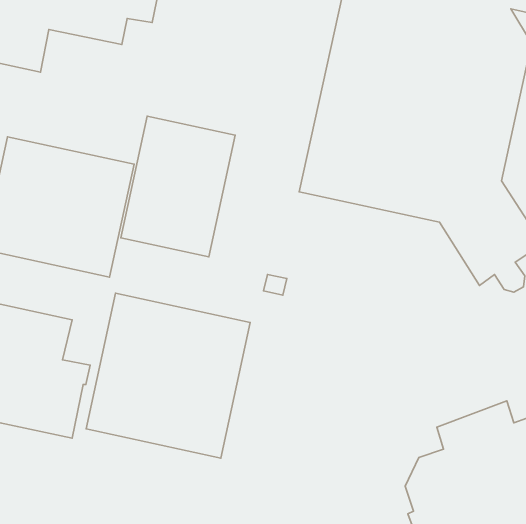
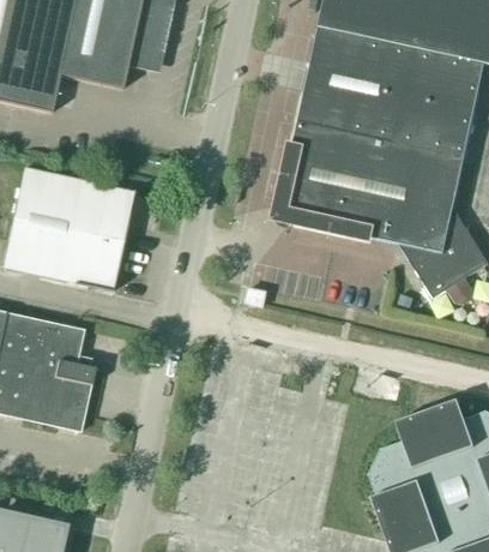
building: [121,116,235,257] -> none
building: [86,293,250,458] -> none

